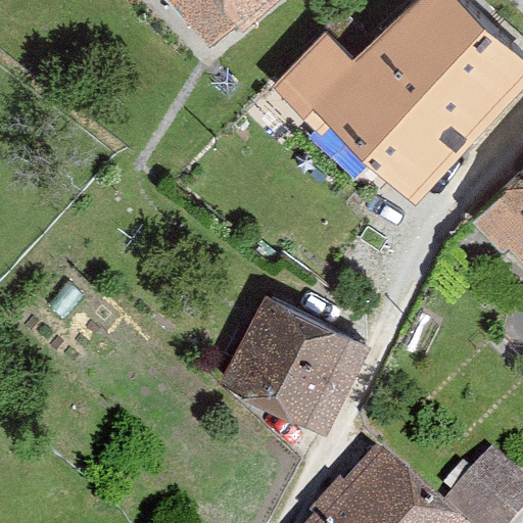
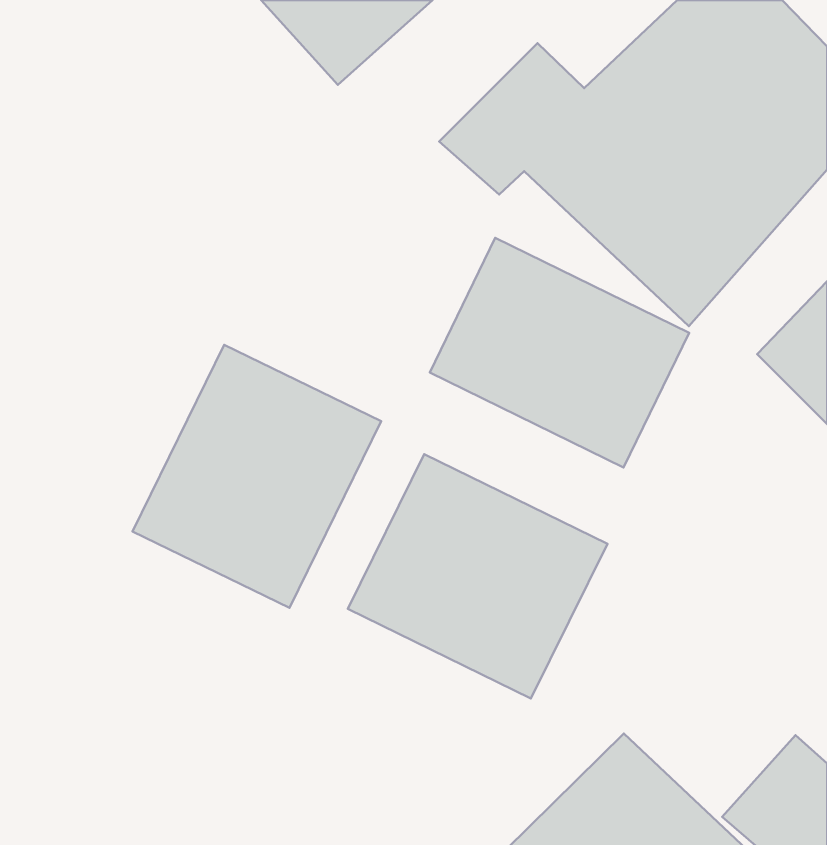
building: none -> [430,238,689,467]
building: none -> [133,345,381,608]

